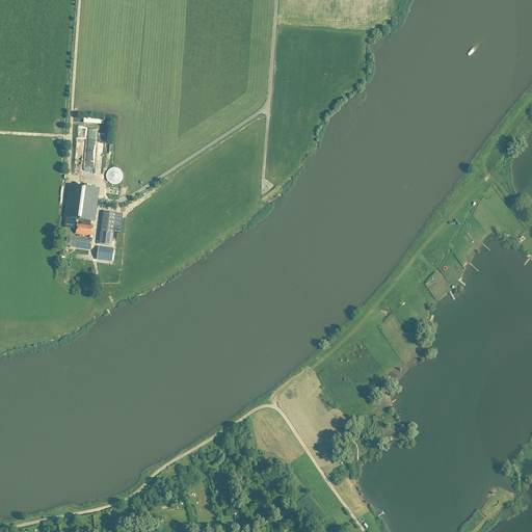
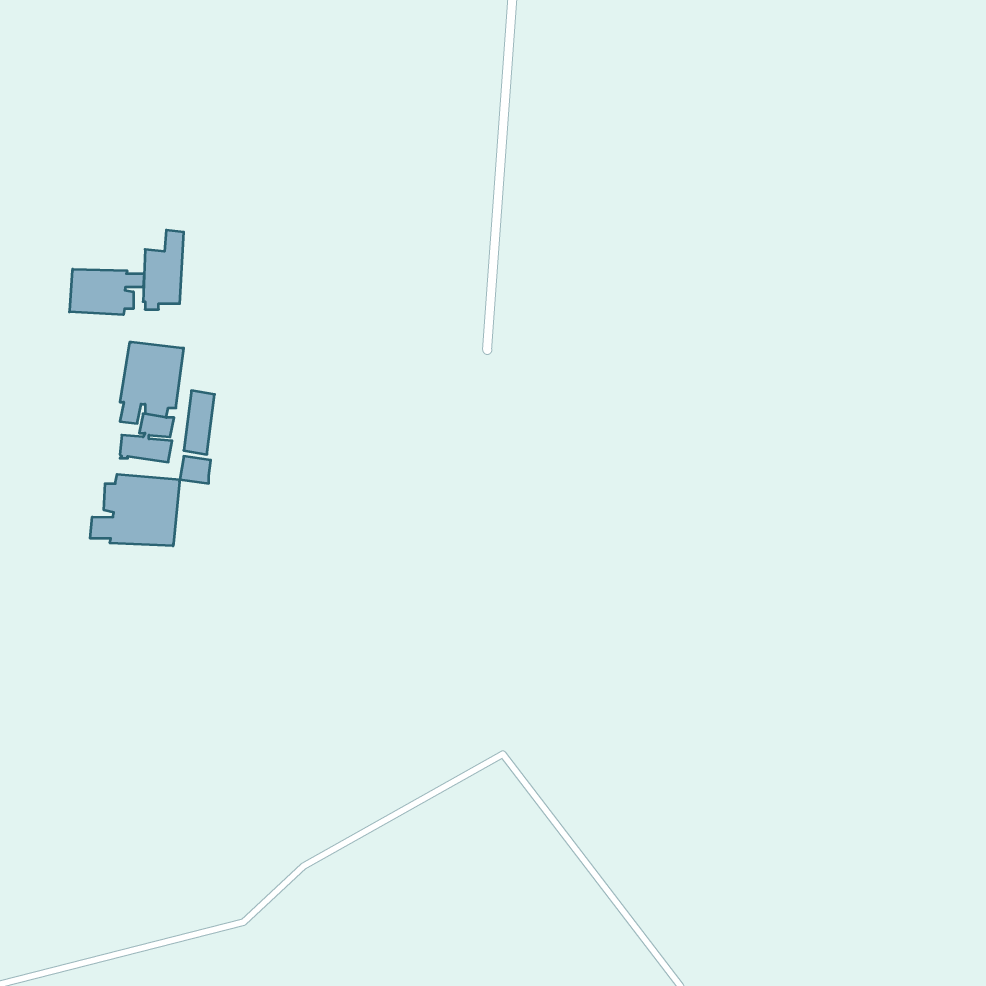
building: none -> [69,269,144,315]
building: none -> [90,474,180,546]

